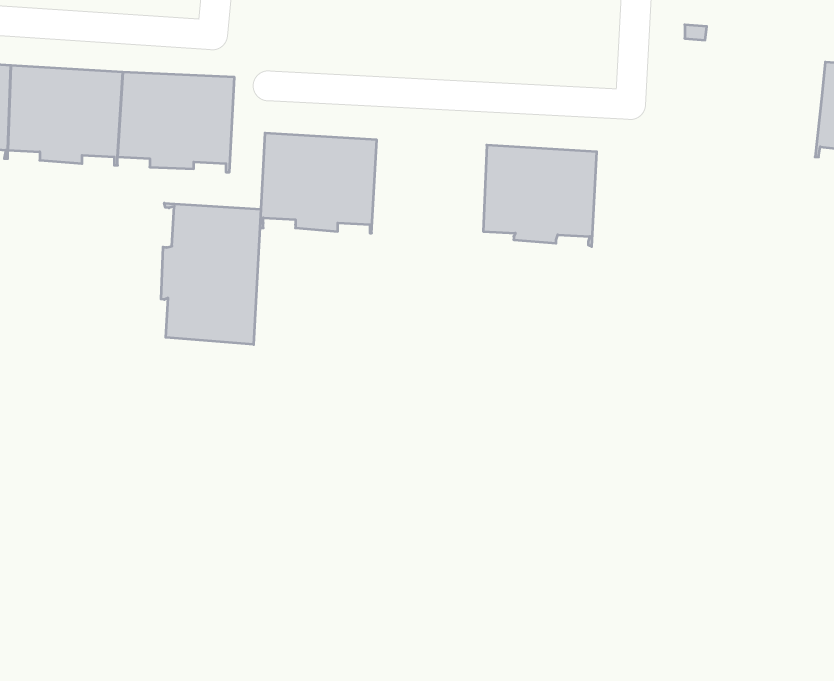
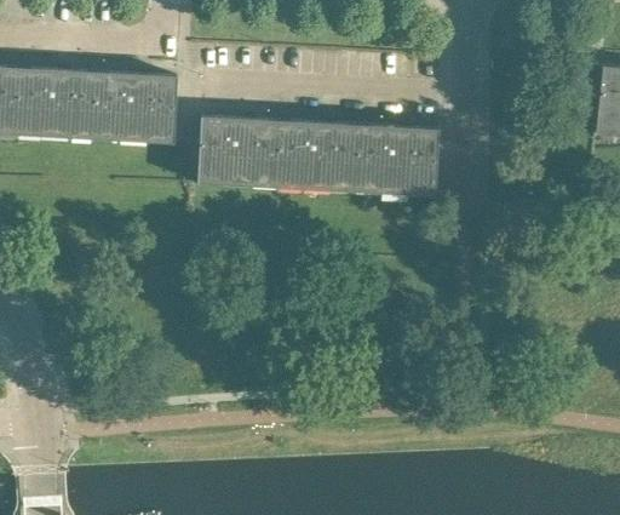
building: none -> [277,121,360,191]
building: [161,203,261,345] -> none

